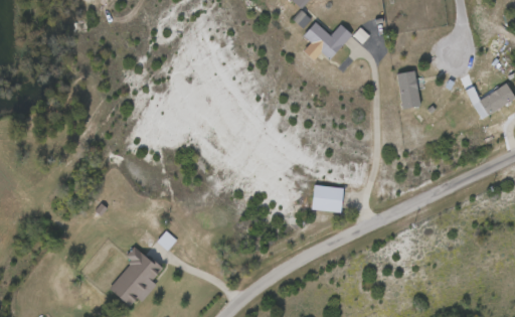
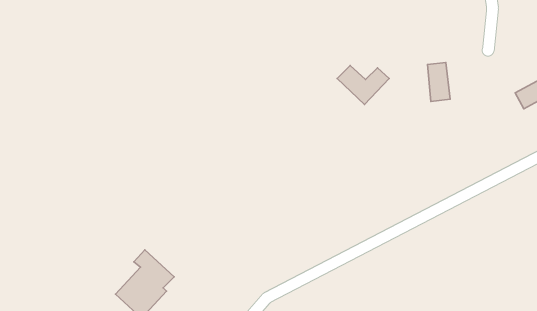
building: [304,23,352,59] -> [337,66,389,105]
building: [312,185,342,211] -> none

